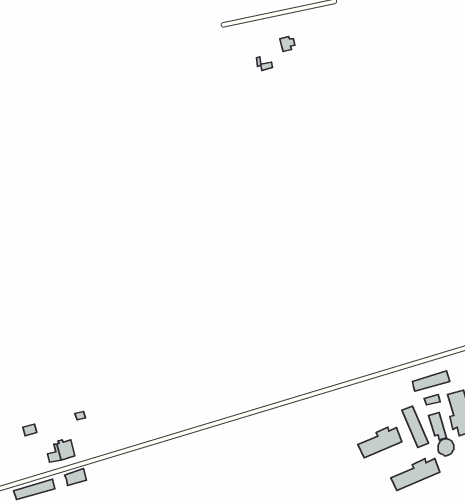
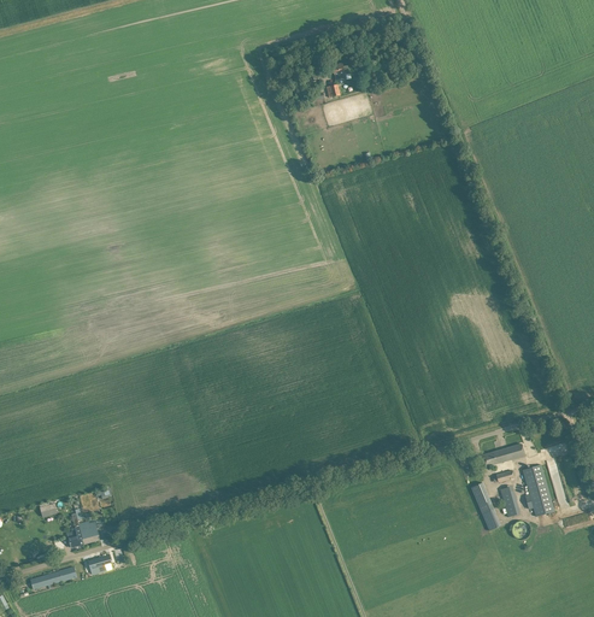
building: [358,427,402,458] -> none
building: [391,459,440,491] -> none

